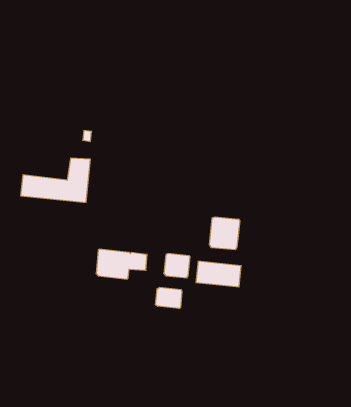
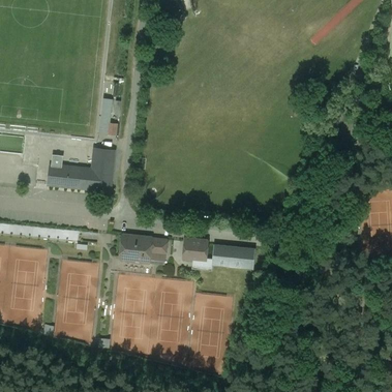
building: [209,217,240,250] -> none
building: [156,287,182,309] -> none

